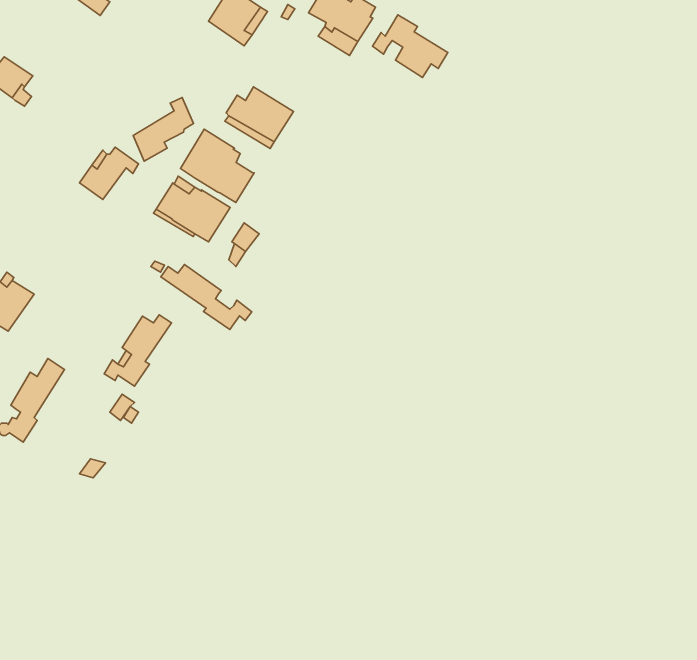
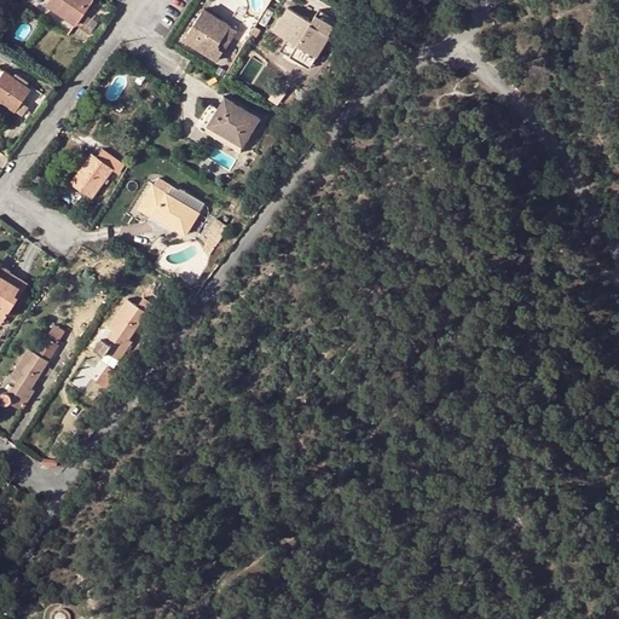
building: [372,15,448,78] -> none
building: [133,98,193,161] -> none
building: [180,129,254,203] -> none
building: [161,264,252,330] -> none

